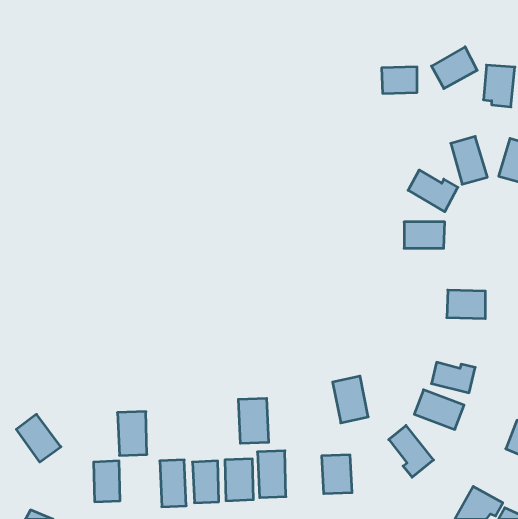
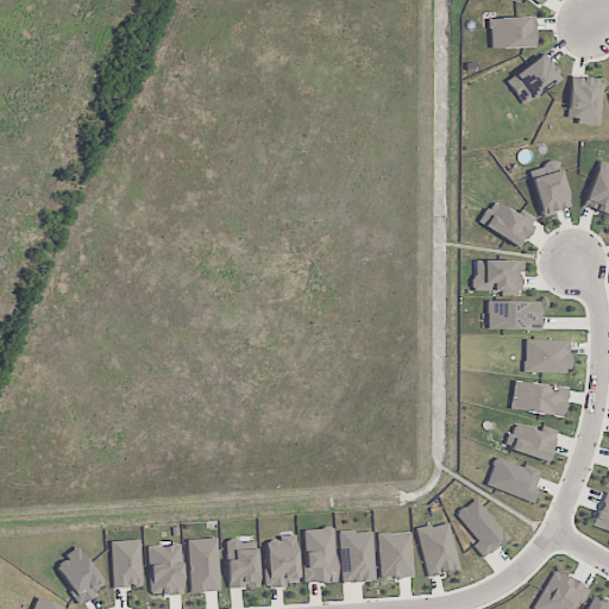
building: [382,67,417,93] -> [490,17,532,48]
building: none -> [488,300,541,329]
building: none -> [511,381,569,416]
building: [333,376,368,423] -> [417,521,459,576]
building: [238,398,269,443] -> [340,529,376,582]
building: [117,412,147,455] -> [149,544,183,595]
building: [16,414,61,462] -> [55,546,107,602]

